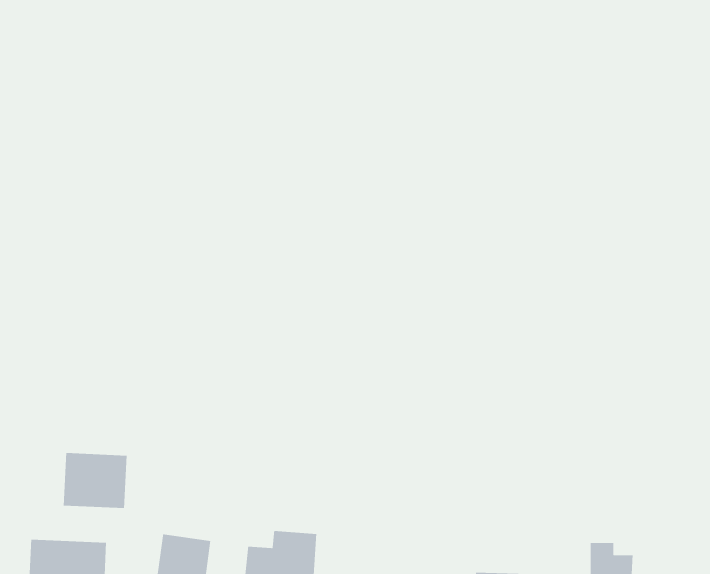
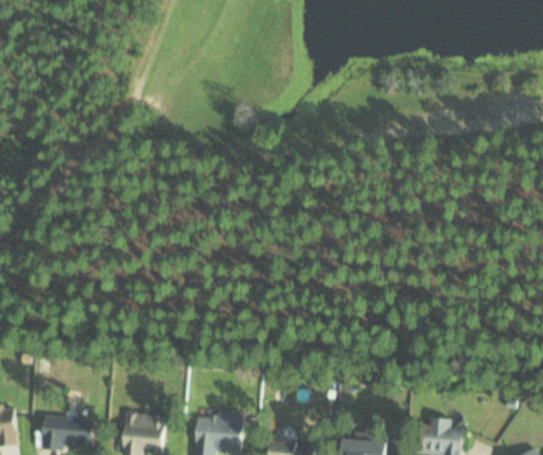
building: [63,452,127,509] -> none

